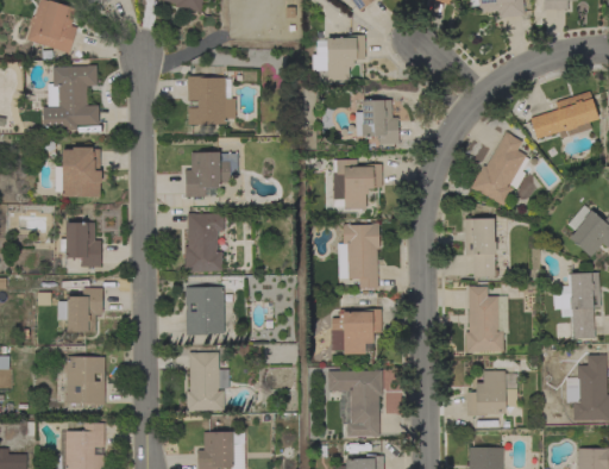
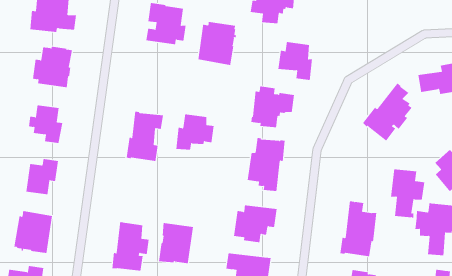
building: none -> [198,21,237,66]
building: [184,152,230,198] -> [176,114,215,150]
building: [464,218,506,277] -> [390,169,425,218]
building: [184,287,224,336] -> [158,223,194,264]

